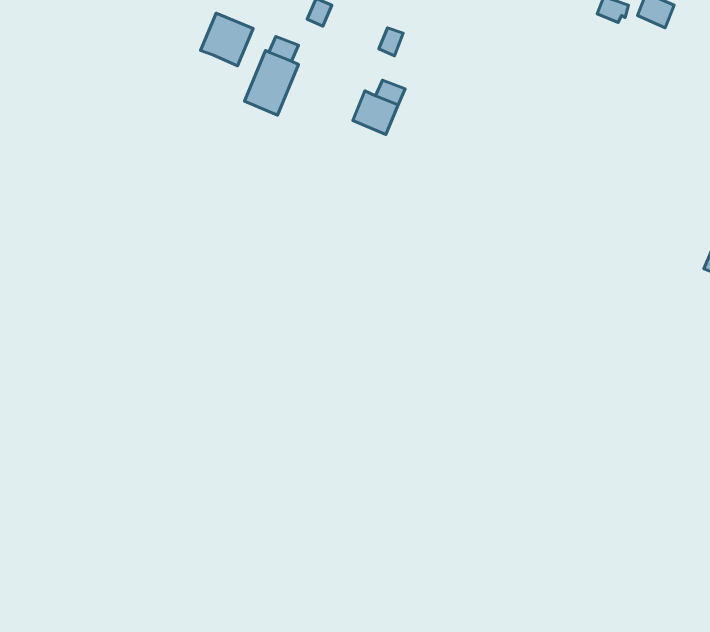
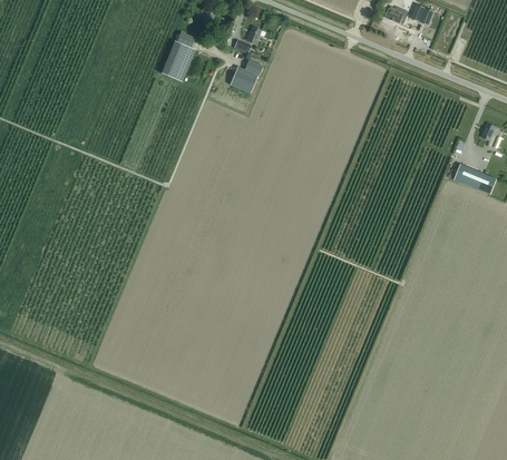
building: [201,13,253,66] -> none

